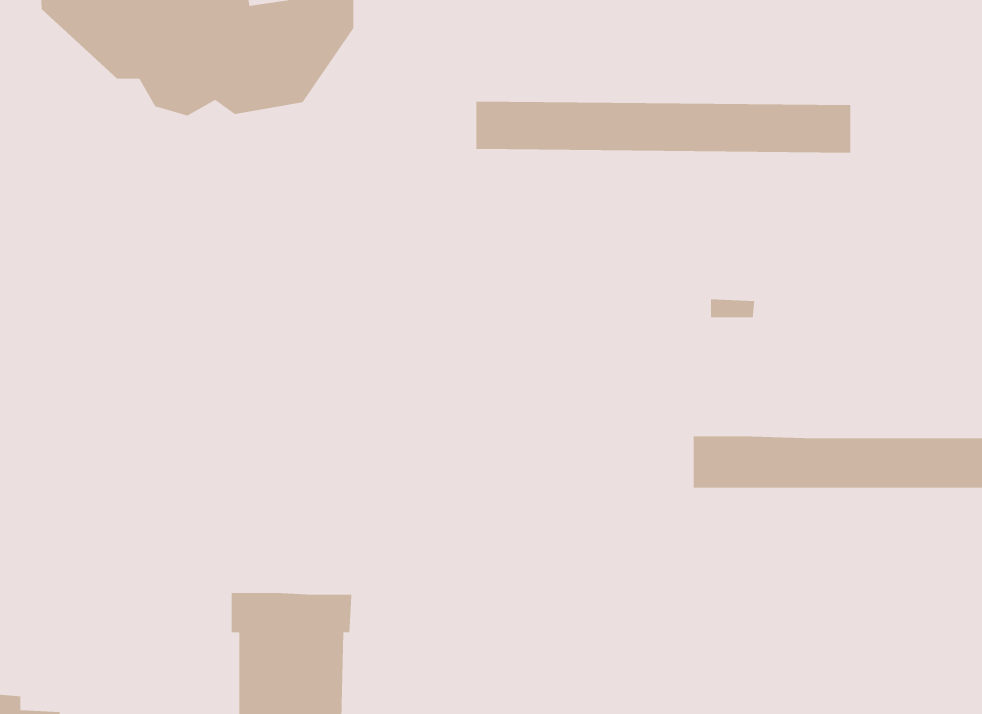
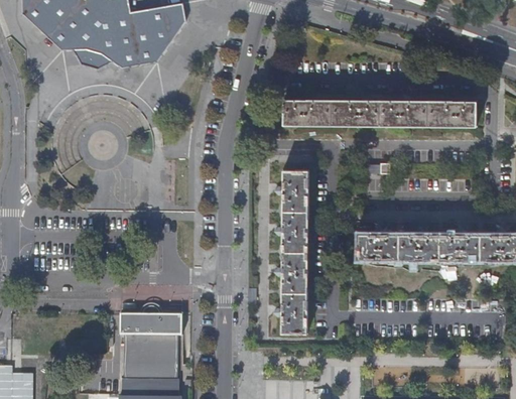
building: [475,101,851,154] -> [283,99,477,126]
building: none -> [281,169,308,334]

